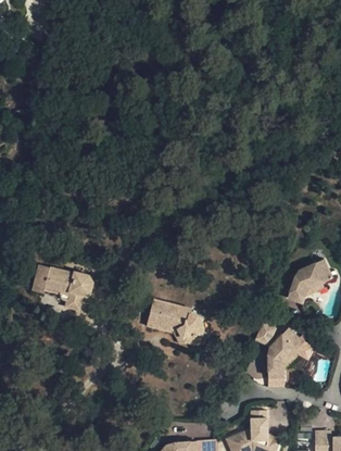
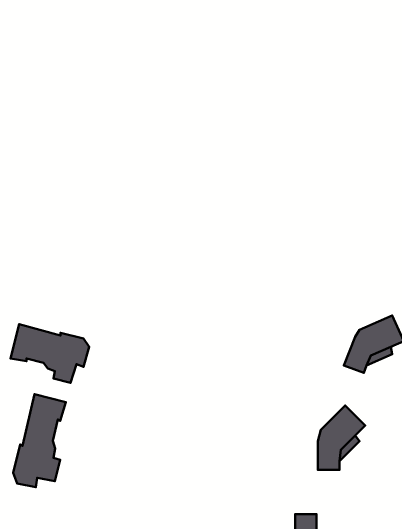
building: [148,300,204,344] -> none
building: none -> [13,394,66,487]

